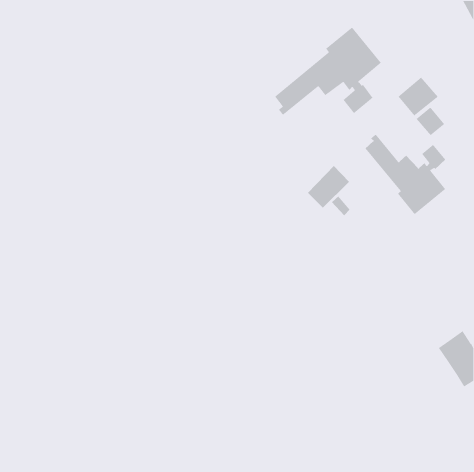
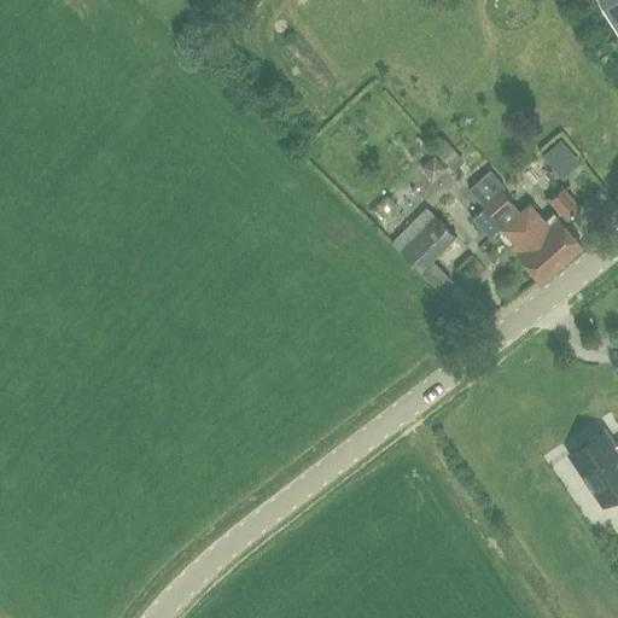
building: [274,27,382,116] -> none
building: [397,77,439,117] -> none

